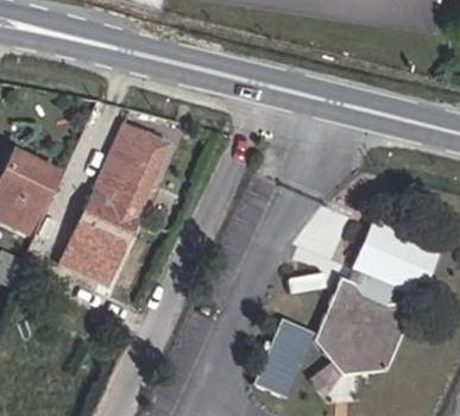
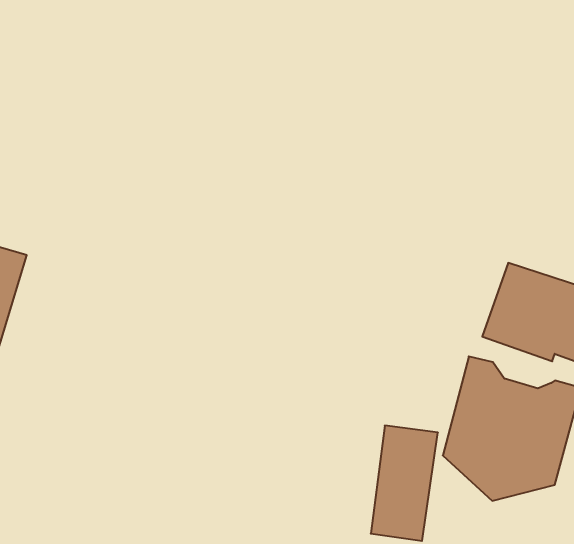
building: [64,128,168,281] -> none

